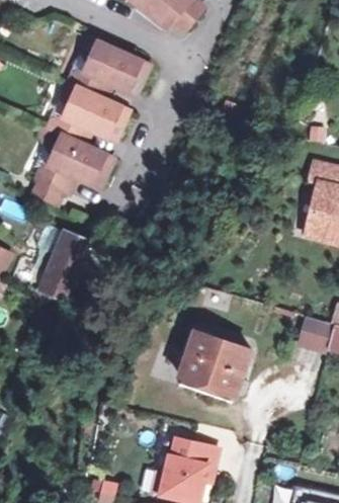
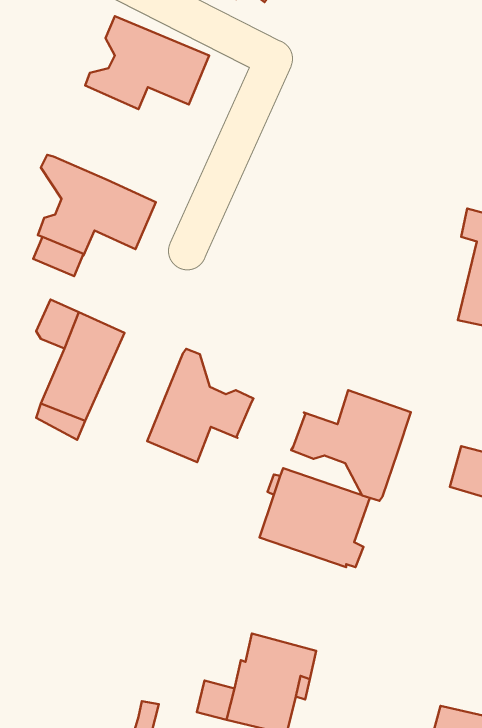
building: [49,84,130,145] -> none
building: none -> [147,349,253,462]
building: none -> [291,390,411,501]

